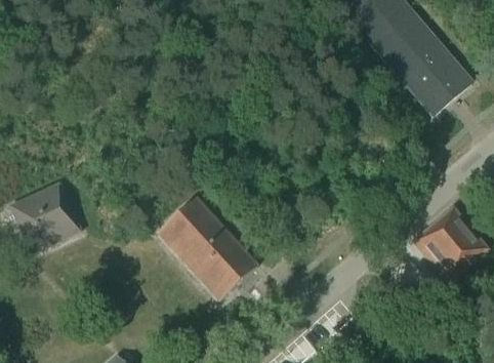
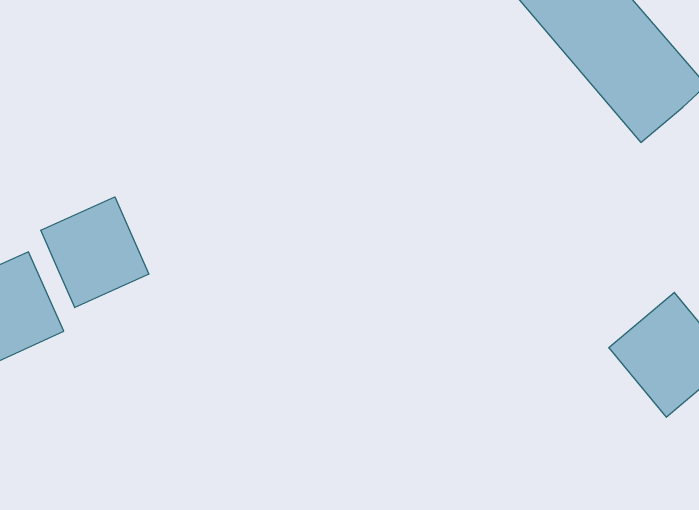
building: none -> [41,197,149,308]
building: [158,196,258,299] -> none

